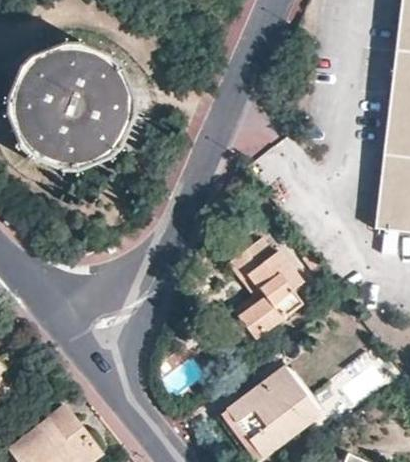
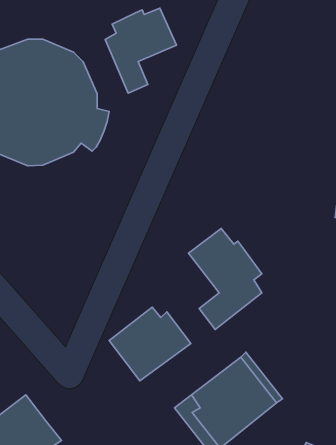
building: none -> [105,8,176,93]
building: none -> [109,307,191,381]

